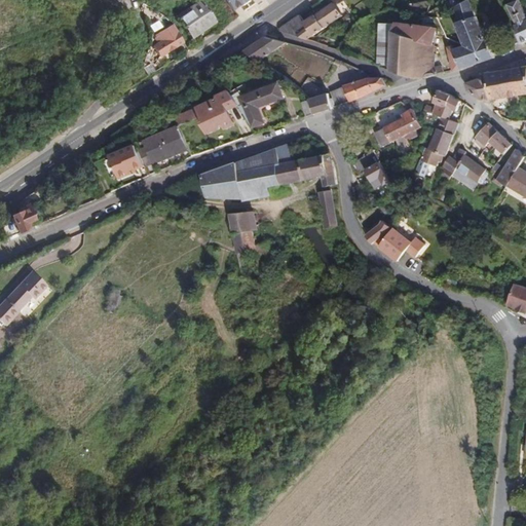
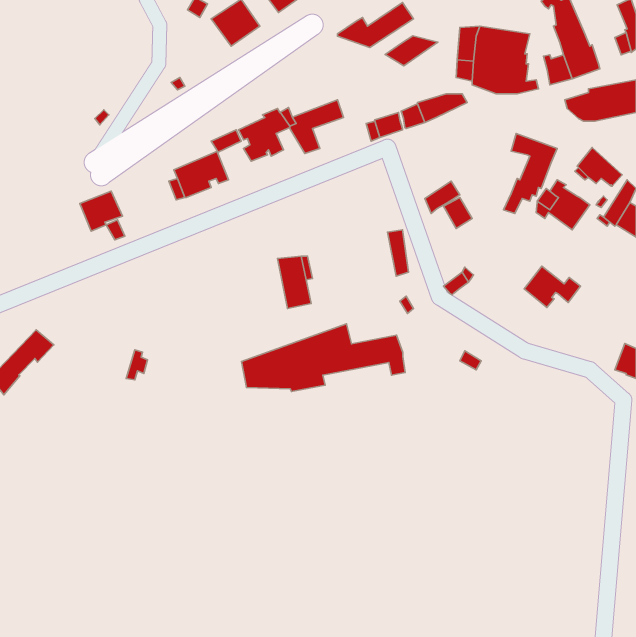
building: [150,24,180,57] -> none
building: [241,36,285,61] -> [385,36,438,66]
building: [422,89,459,116] -> none
building: [373,108,421,149] -> none
building: [200,144,335,199] -> [242,324,405,391]
building: [108,145,143,178] -> [80,191,122,231]
building: [7,202,32,232] -> none
building: [378,227,424,261] -> [524,266,581,307]

